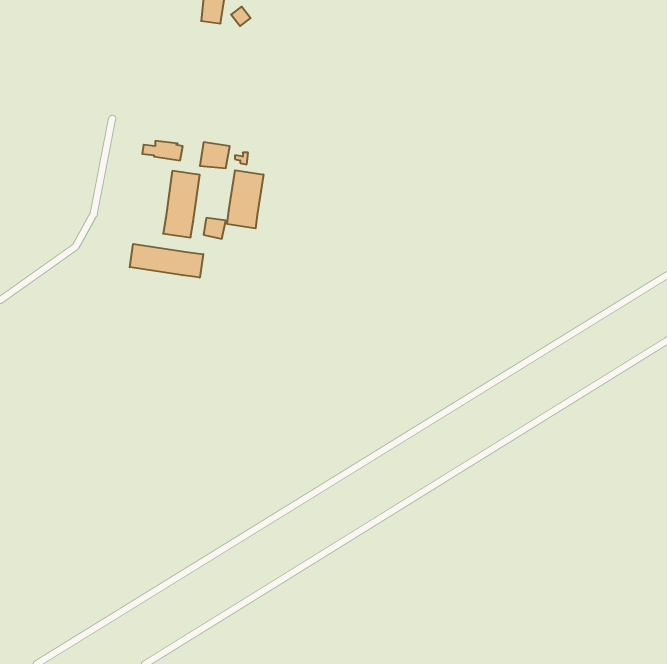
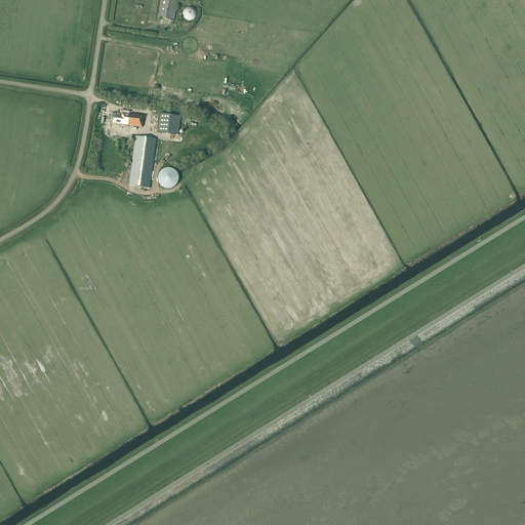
building: [227,170,263,228] -> none
building: [130,244,203,278] -> none

